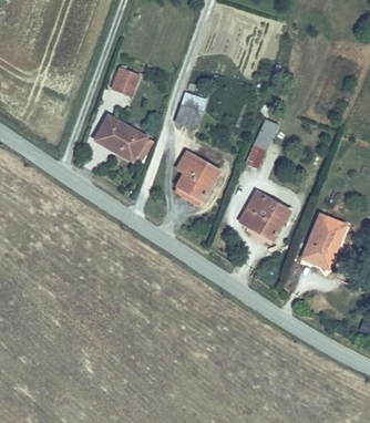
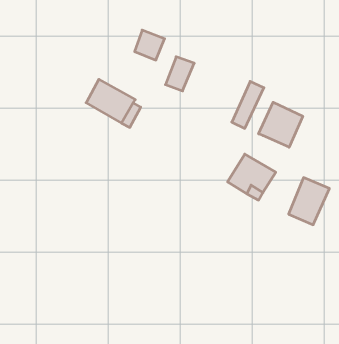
building: [110,65,141,96] -> [135,30,165,60]
building: none -> [259,102,303,147]
building: [175,151,219,203] -> none

